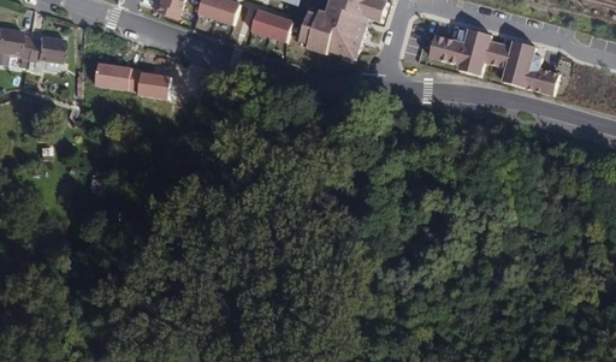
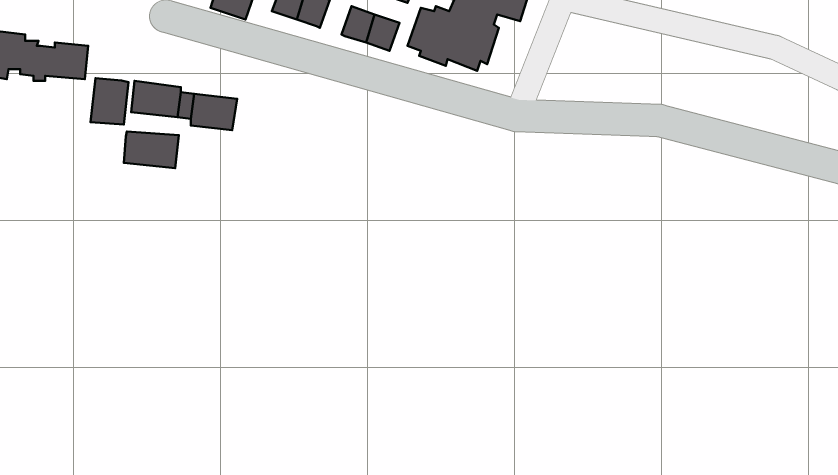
building: [430,29,559,95] -> none
building: none -> [90,78,128,124]
building: none -> [124,131,179,168]

